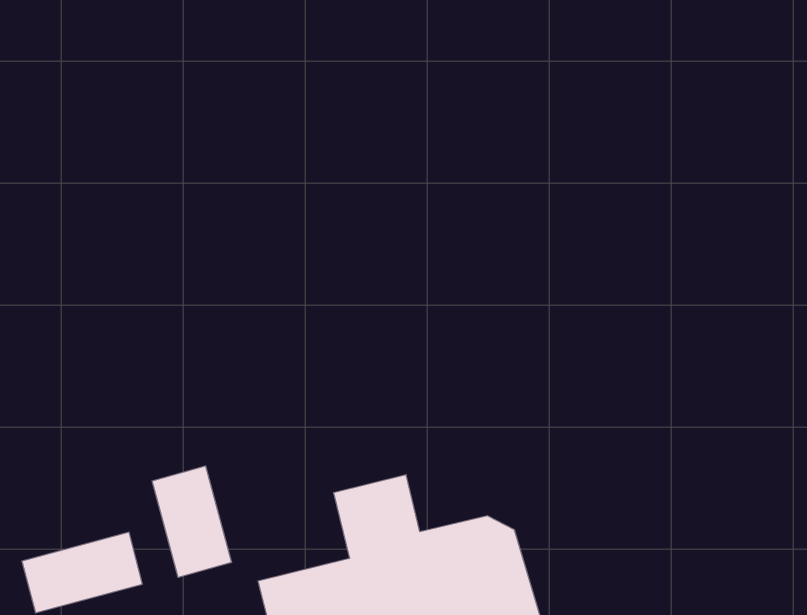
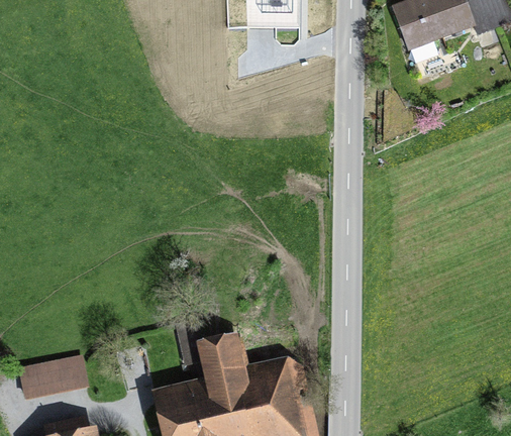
building: [152,466,232,577] -> none

